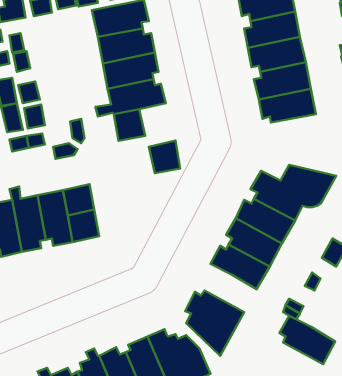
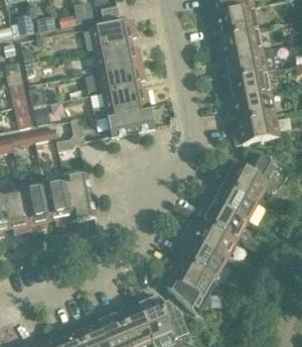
building: none -> [234,114,281,145]
building: [149,141,180,173] -> [129,105,155,132]
building: [280,316,335,364] -> [180,239,226,279]

